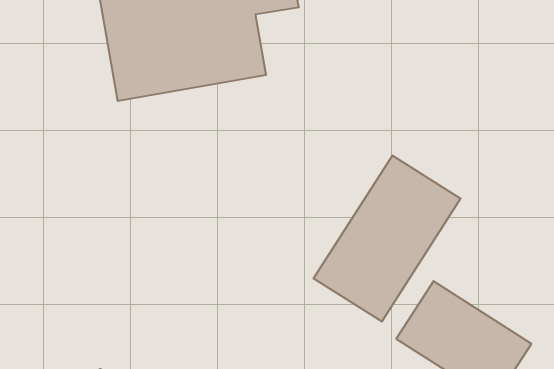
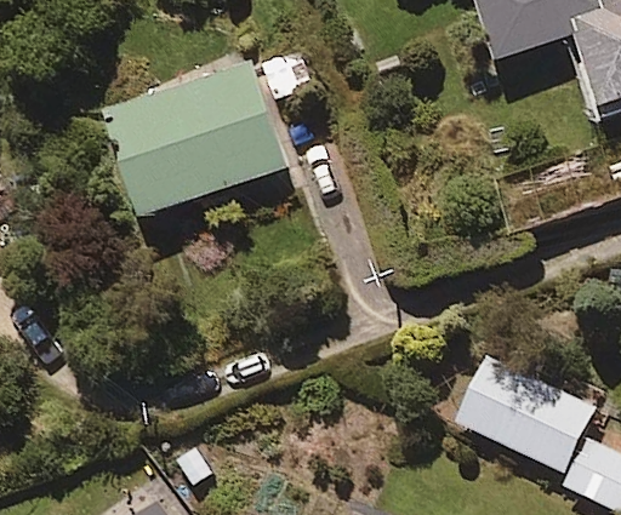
building: [314,155,461,322] -> none

